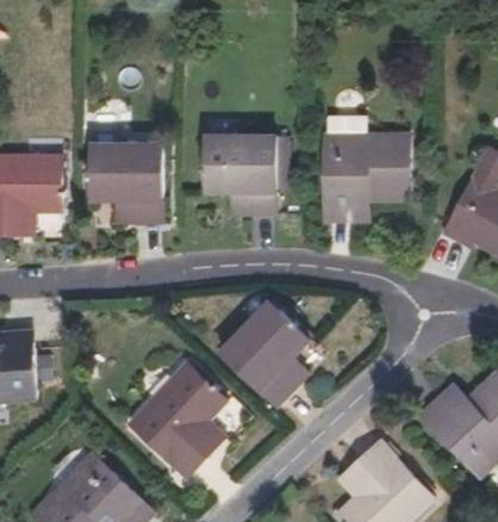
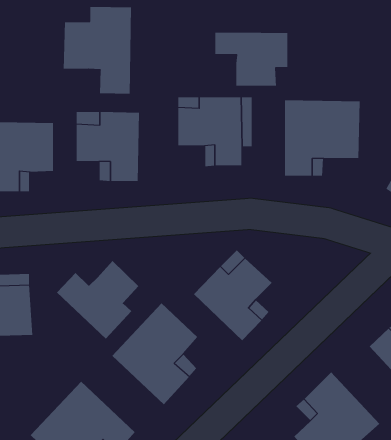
building: none -> [63,6,132,94]
building: none -> [215,32,288,86]
building: none -> [56,260,139,339]

